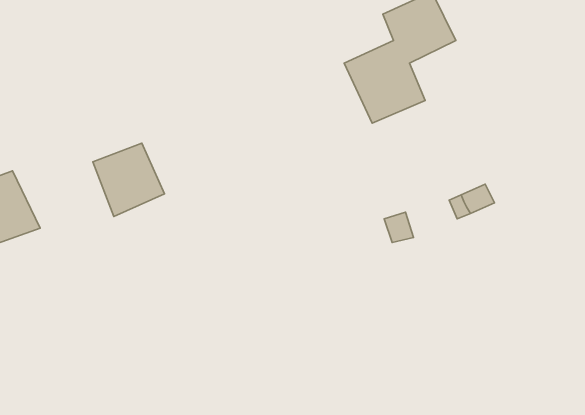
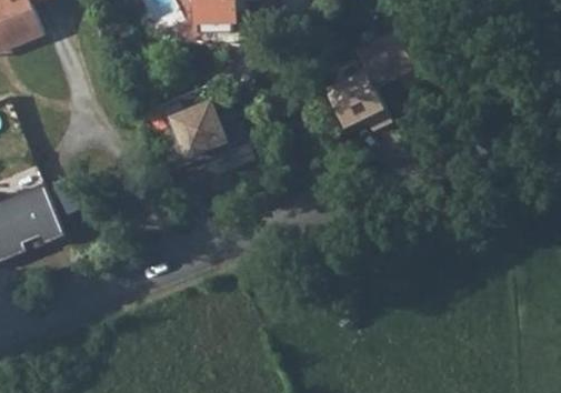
building: [93,143,164,216] -> [168,103,228,164]

